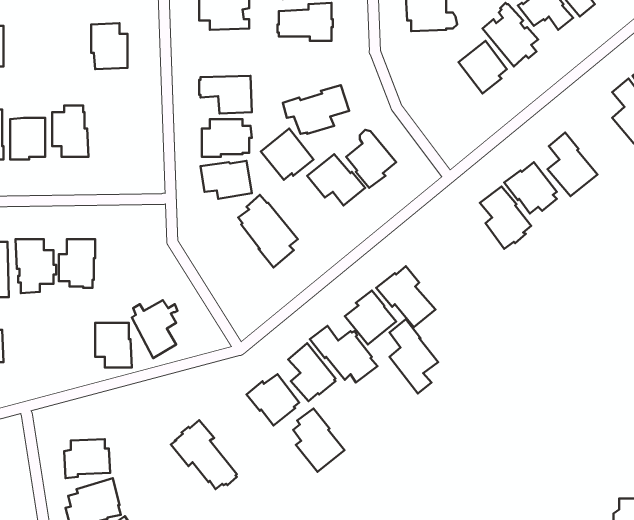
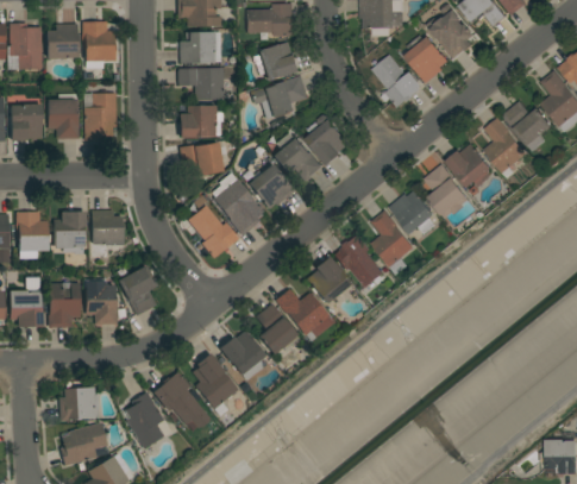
building: none -> [7,24,42,70]
building: none -> [46,24,79,59]
building: none -> [180,32,214,64]
building: none -> [259,43,301,82]
building: none -> [372,55,424,108]
building: none -> [82,94,117,140]
building: none -> [503,101,553,152]
building: [261,128,313,180] -> [249,164,295,209]
building: none -> [390,191,437,235]
building: none -> [188,206,239,259]
building: none -> [92,210,123,257]
building: none -> [8,274,42,327]
building: none -> [49,282,80,327]
building: [390,319,438,393] -> [372,210,415,276]
building: [293,408,344,472] -> [193,353,238,409]
building: none -> [125,392,164,450]

